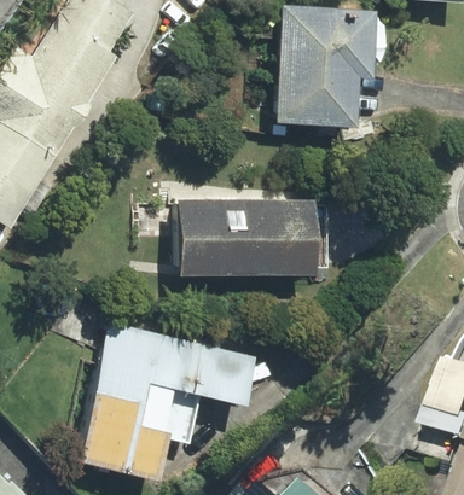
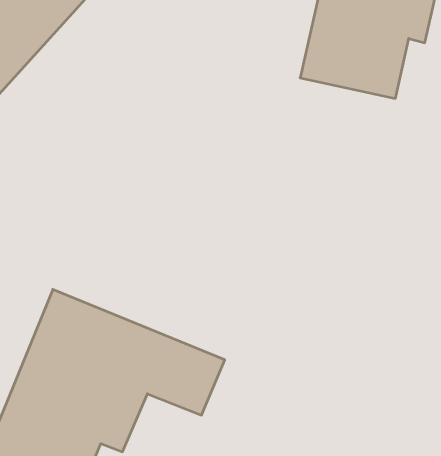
building: [180,203,324,276] -> none

